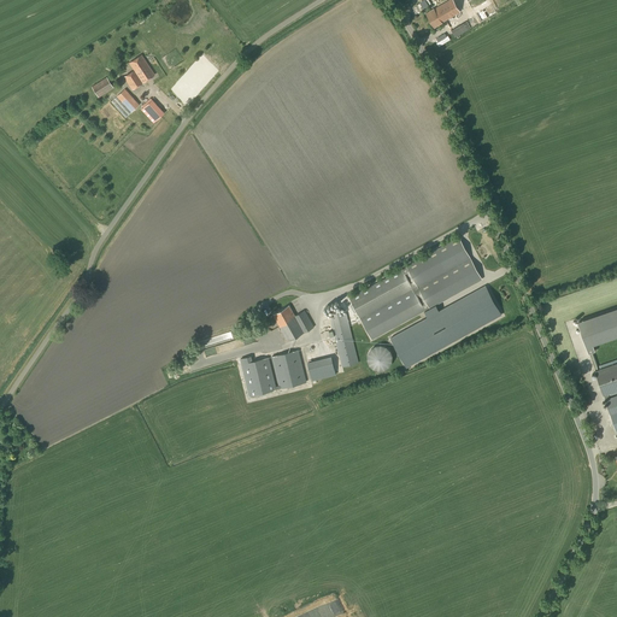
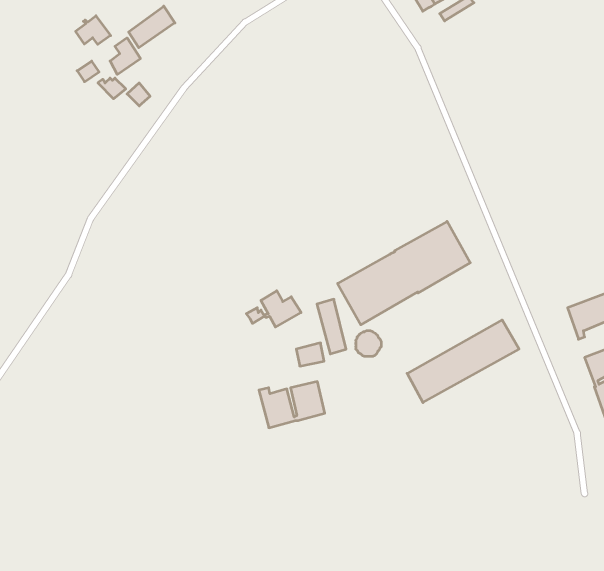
building: none -> [129,6,175,48]
building: none -> [76,16,111,44]
building: [390,284,501,366] -> [407,320,519,403]
building: [241,351,306,396] -> [259,382,325,428]

